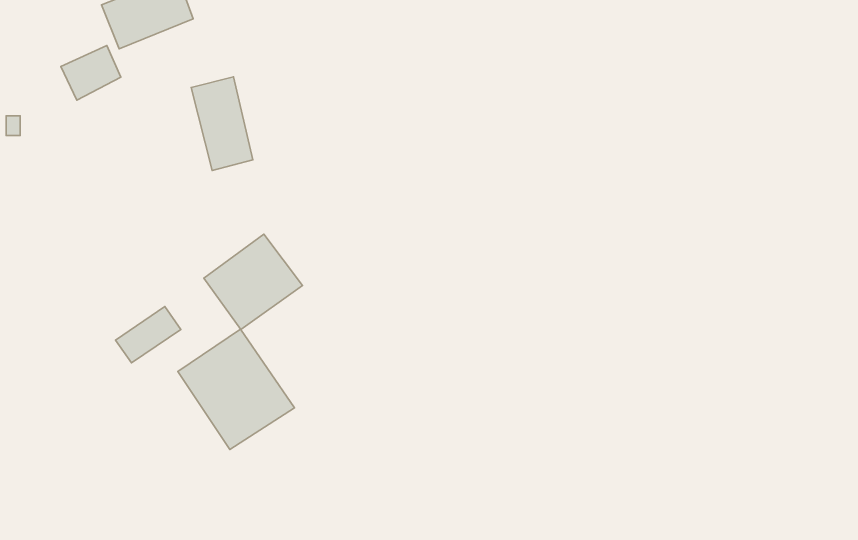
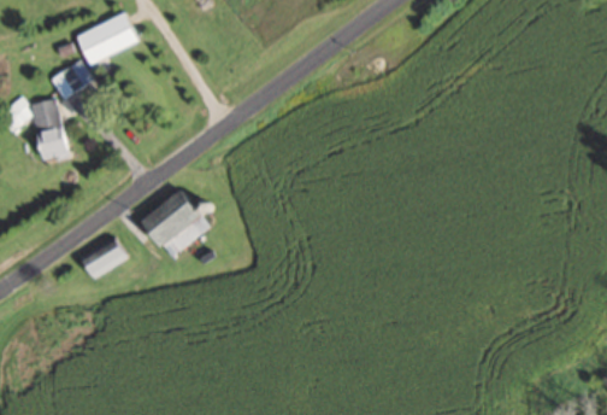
building: [191,77,253,170] -> [26,98,69,162]
building: [178,329,295,450] -> none

